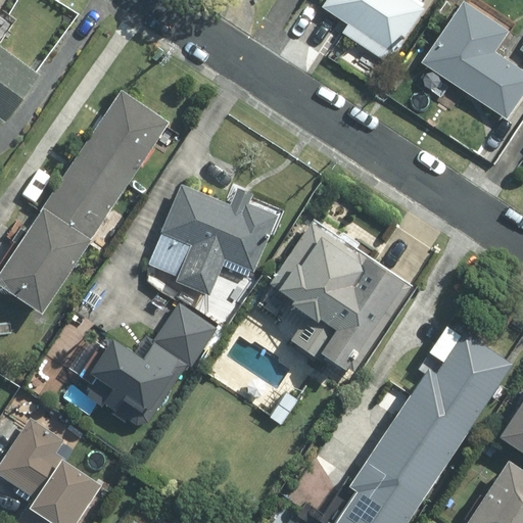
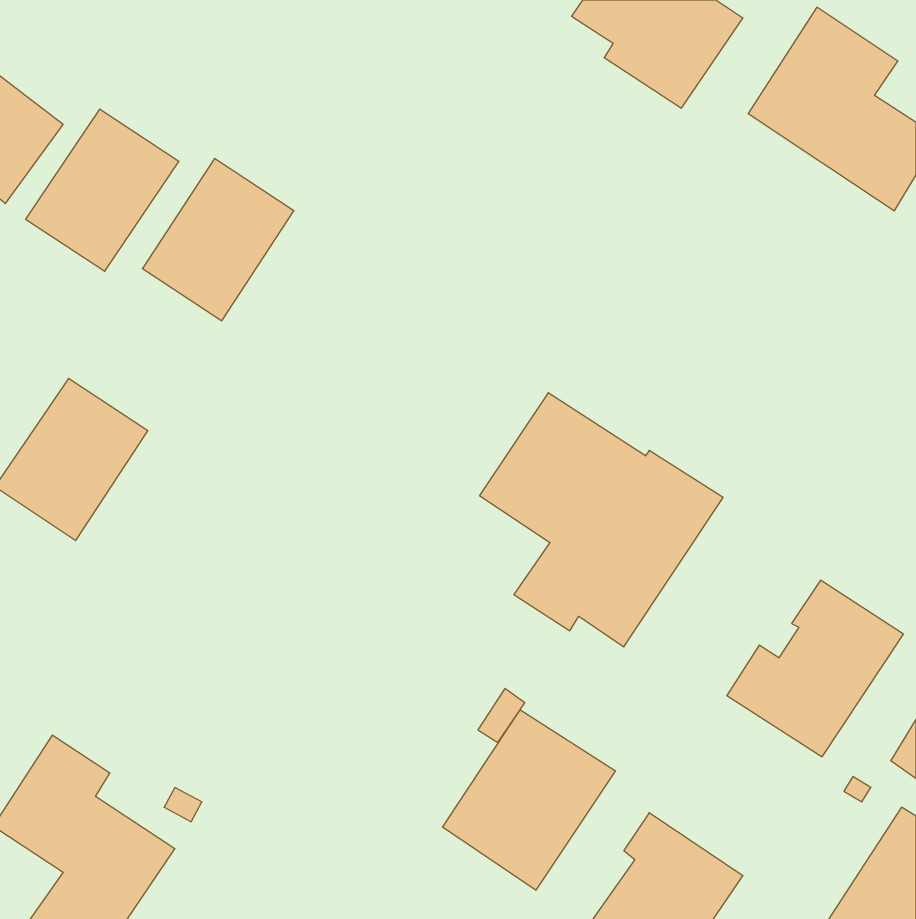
building: [39,153,126,245] -> [26,109,179,271]
building: [150,183,277,292] -> none
building: [88,302,216,422] -> none
building: [368,395,466,497] -> [442,710,616,890]

